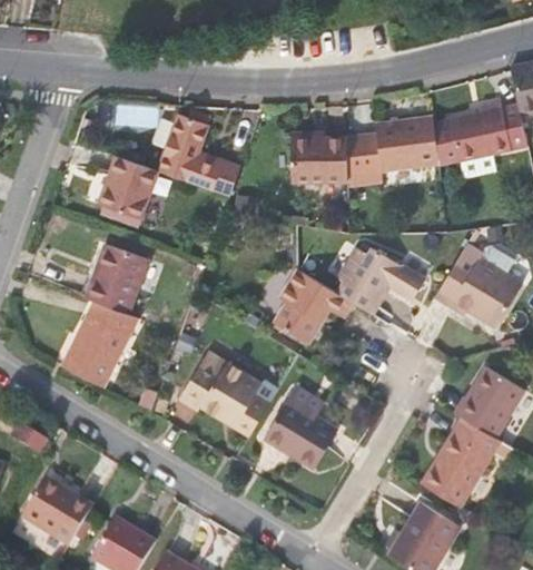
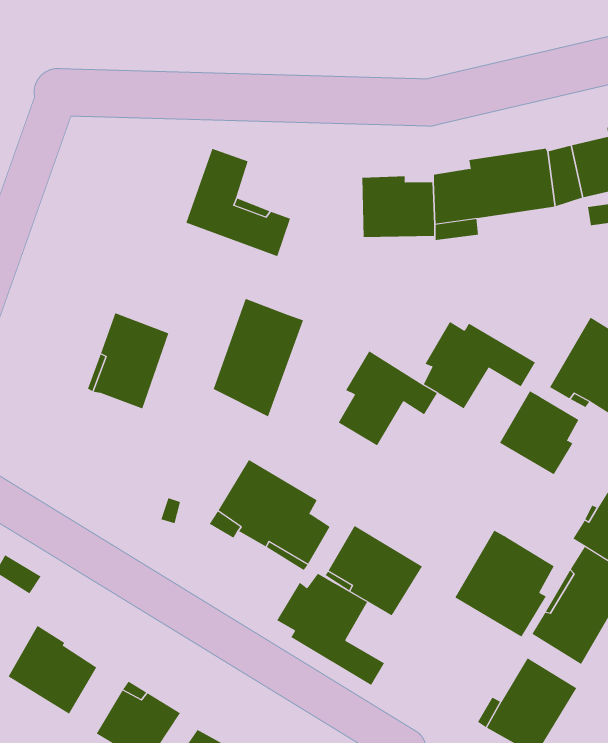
building: [99,157,157,220] -> none
building: none -> [499,390,579,475]
building: [70,302,139,392] -> [213,298,304,417]
building: none -> [454,530,555,638]
building: none -> [277,573,385,686]

